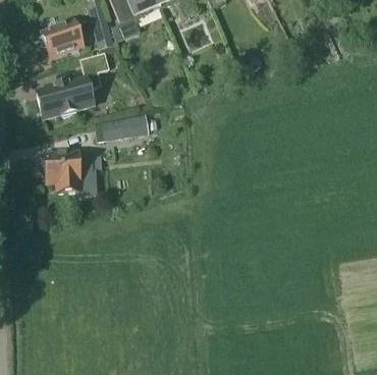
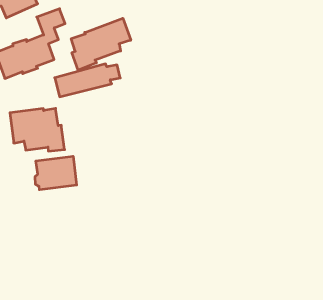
building: none -> [71,18,131,70]
building: none -> [35,156,77,190]

